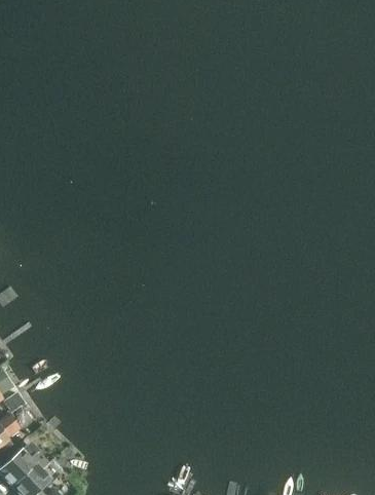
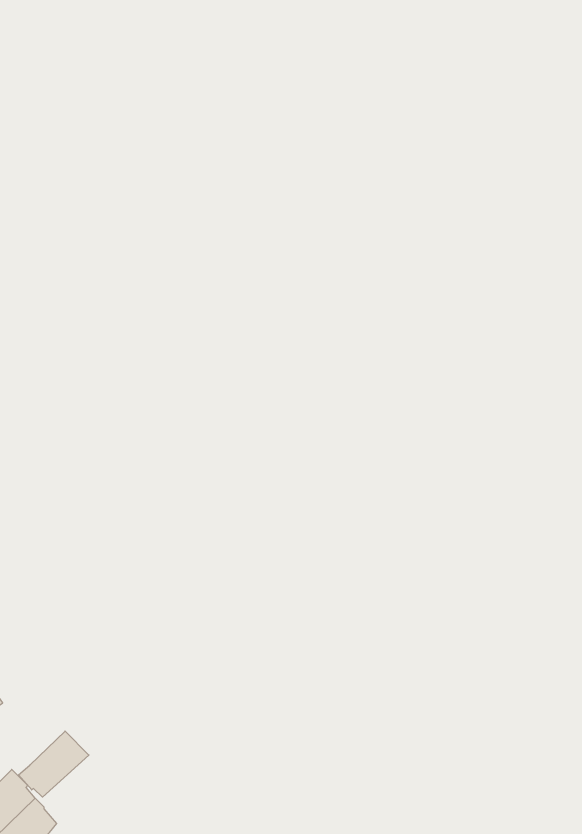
building: none -> [19,731,89,797]

